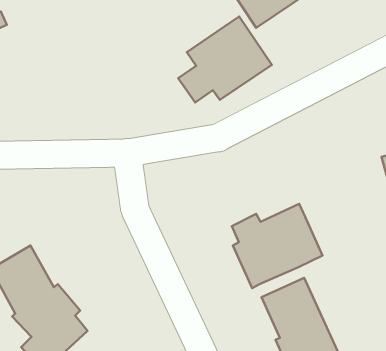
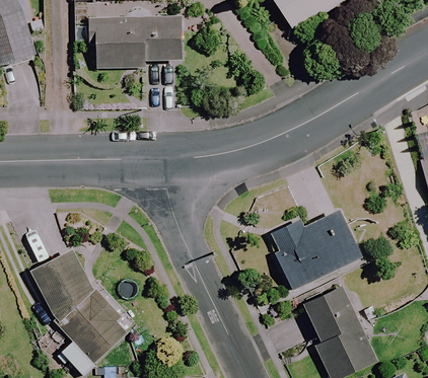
building: none -> [87,17,181,68]
building: [178,16,272,102] -> none

